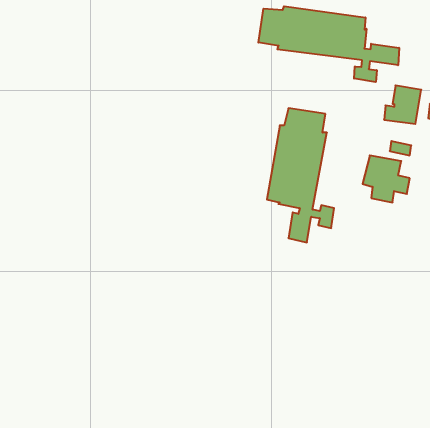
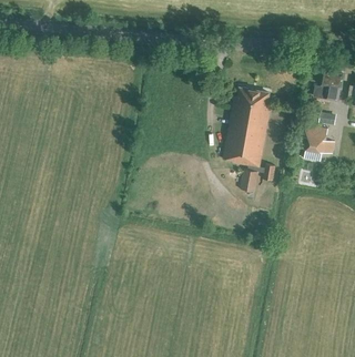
building: [258,6,399,82] -> none

